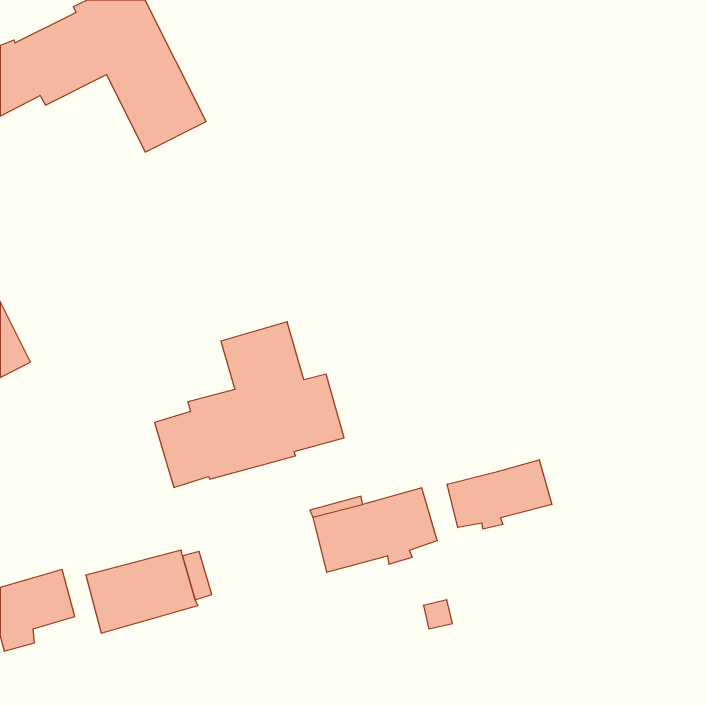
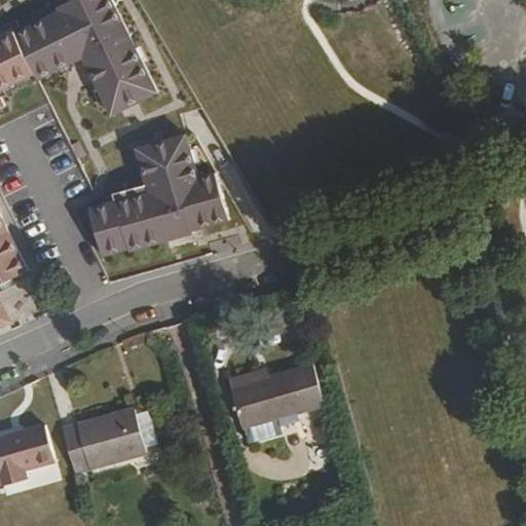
building: [155,322,344,488] -> [84,134,225,257]
building: [447,460,552,529] -> none

